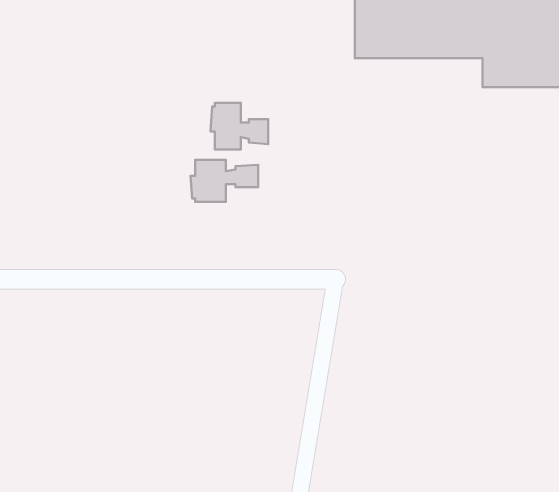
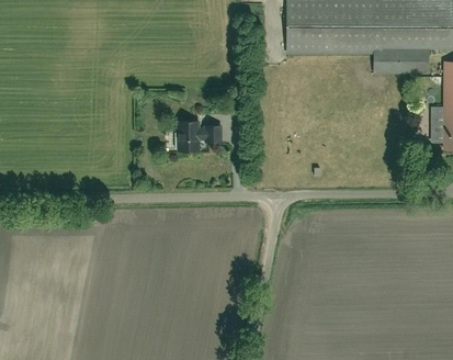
building: [211,103,268,150] -> none

